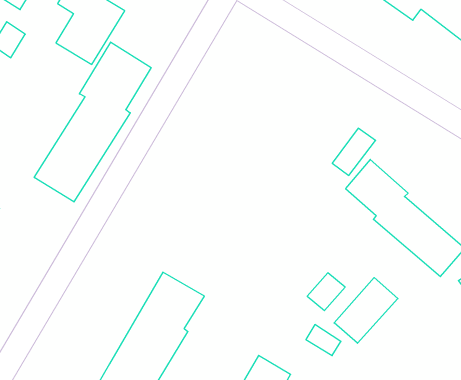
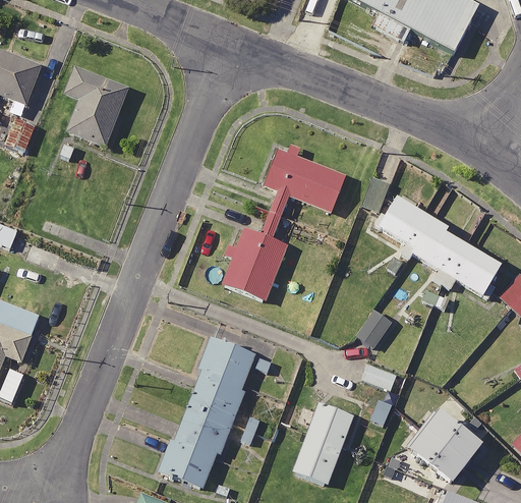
building: [34,42,151,202] -> none
building: none -> [219,149,345,299]
building: [334,278,398,343] -> none

